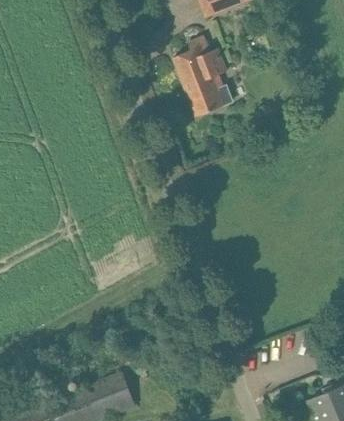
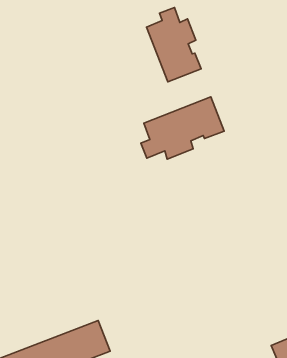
building: none -> [141,97,224,159]

